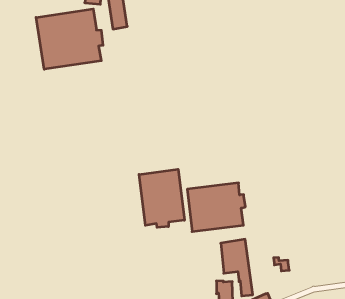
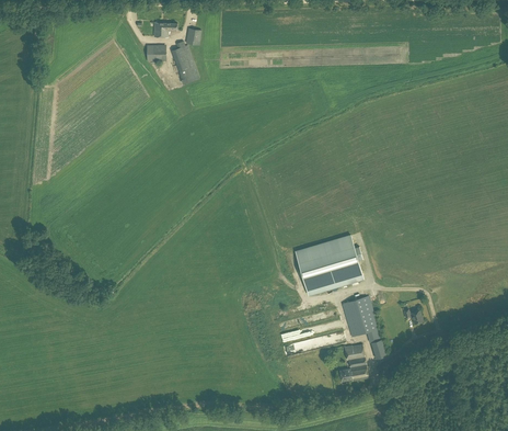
building: [36,9,103,69] -> none
building: [139,169,184,227] -> none

